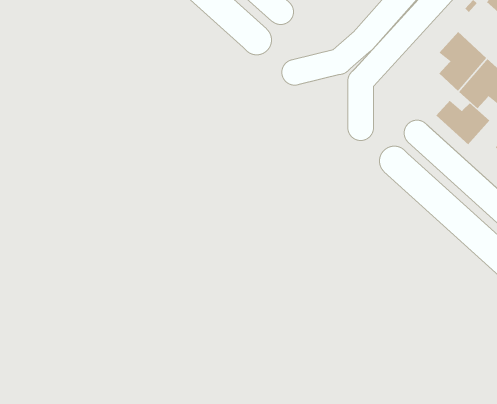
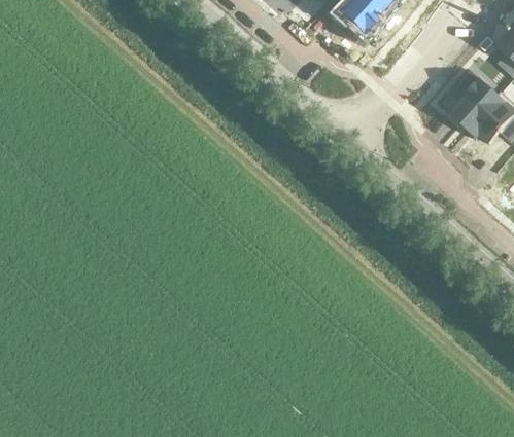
building: [436,100,490,145] -> none

